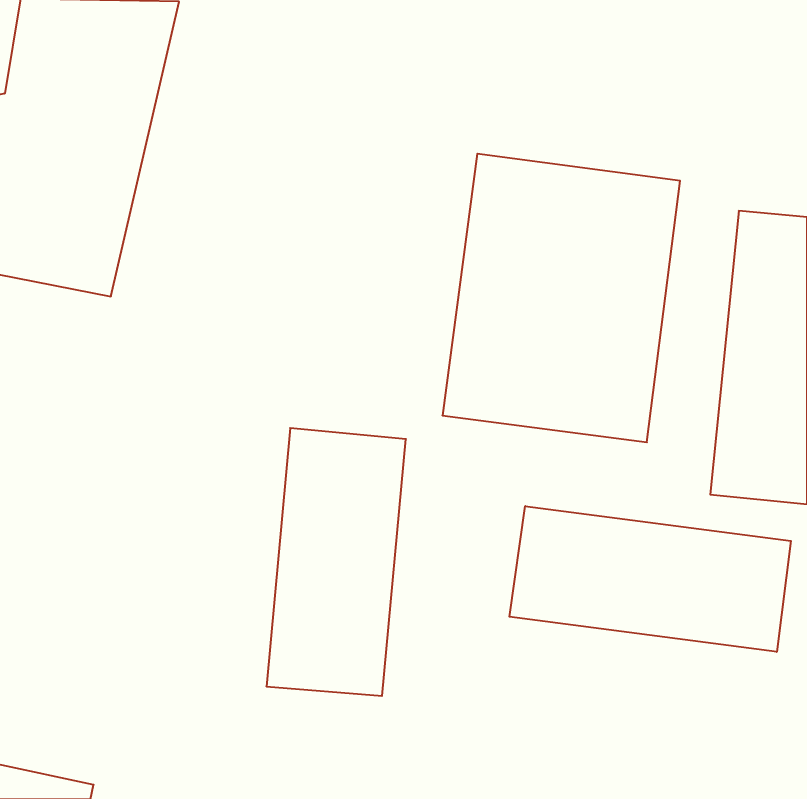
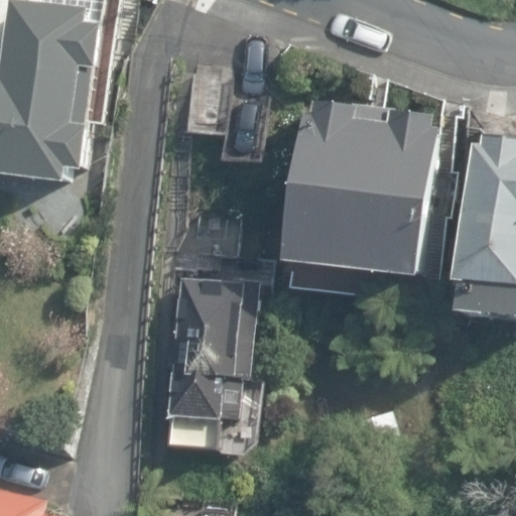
building: [509,506,791,652] -> none

